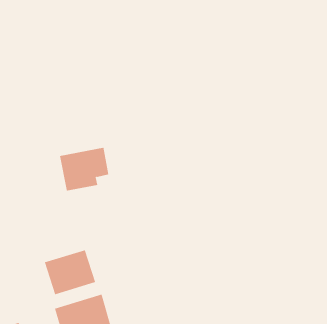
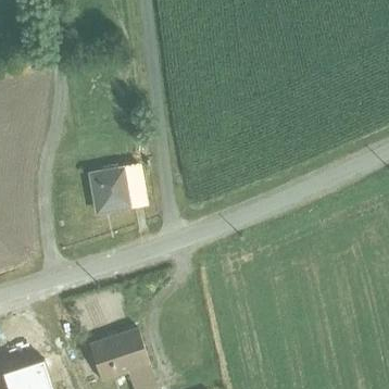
building: [44,249,96,295] -> none

